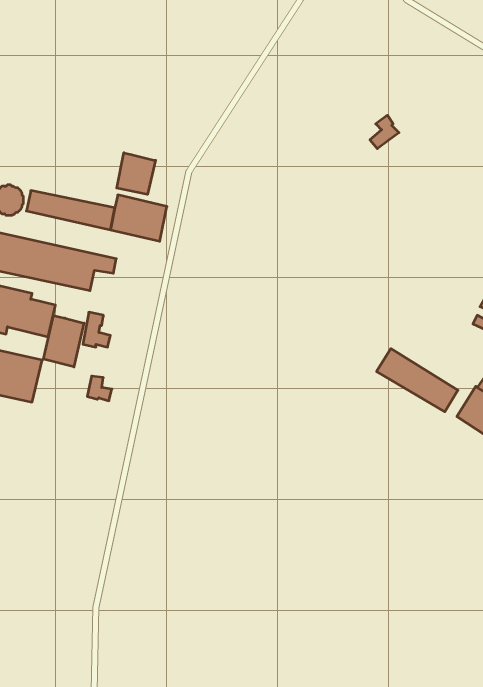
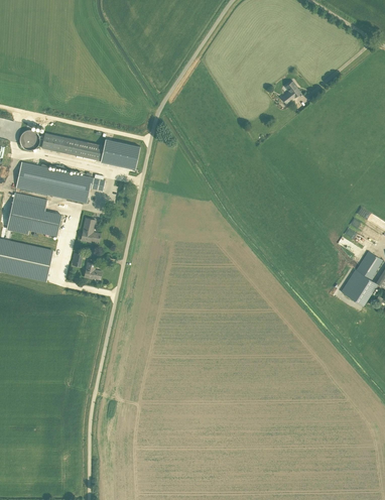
building: [117,153,156,194] -> none
building: [43,315,84,367] -> none
building: [377,349,458,412] -> none

